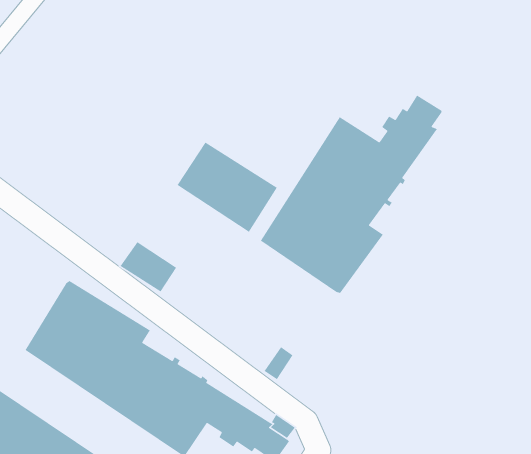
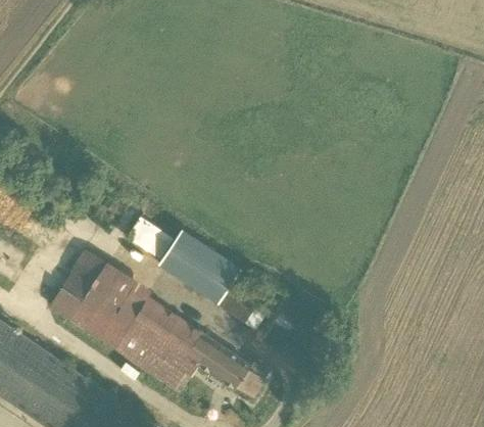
building: [260,95,442,294] -> none
building: [176,141,278,233] -> [157,229,240,303]

